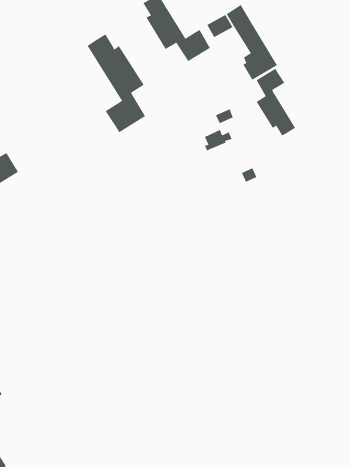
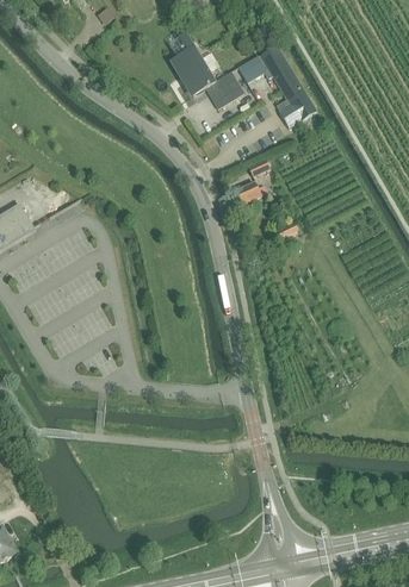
building: [87,33,146,133] -> none
building: [256,68,296,137] -> none

